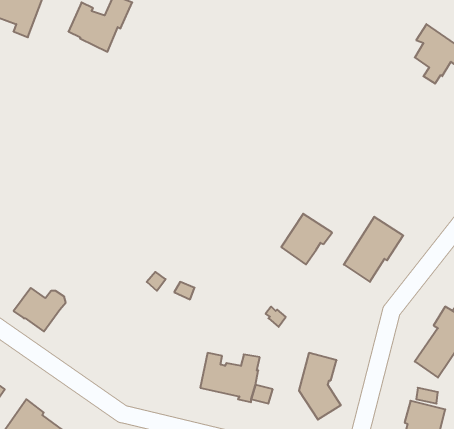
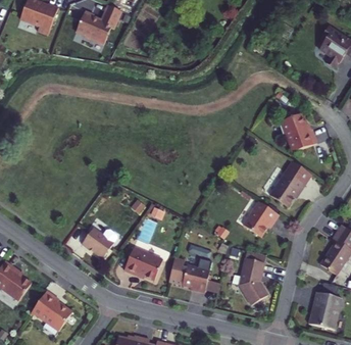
building: none -> [280,112,316,152]
building: [281,214,332,264] -> [243,201,279,237]
building: [14,288,66,331] -> [81,227,117,257]
building: none -> [123,247,162,280]

